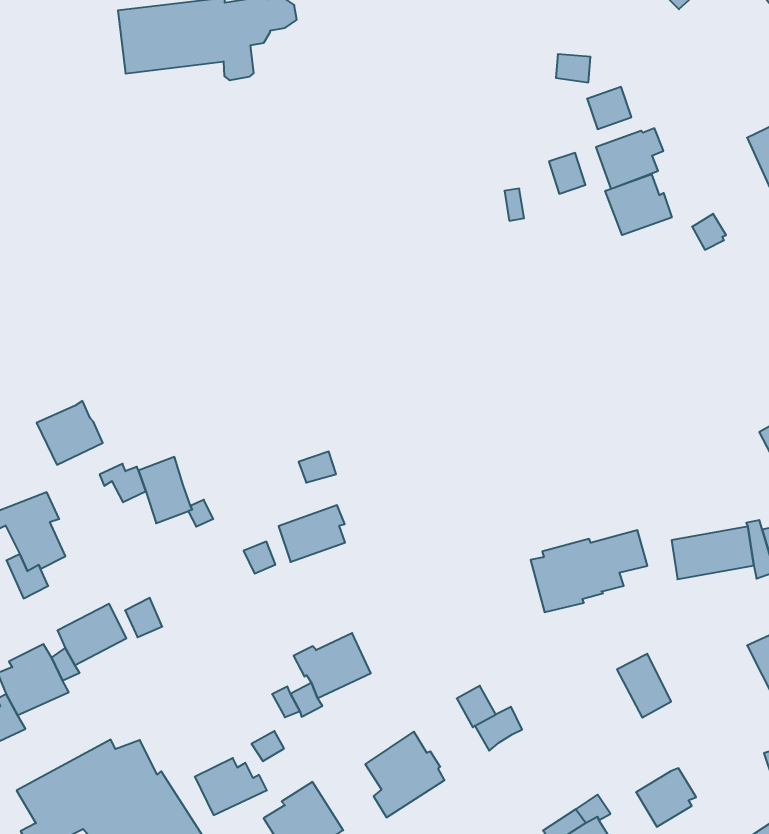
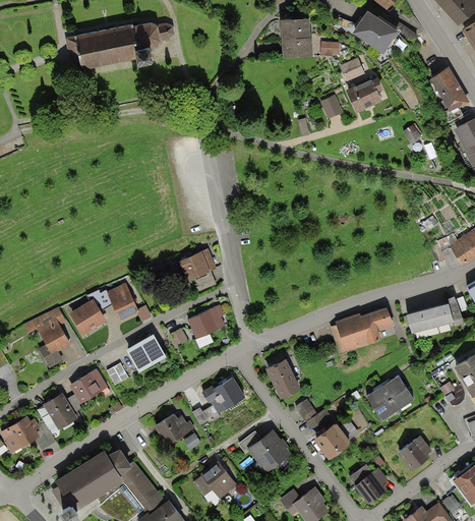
building: none -> [353,14,399,57]
building: none -> [281,22,313,61]
building: [605,174,672,235] -> none
building: [37,401,103,465] -> [69,301,107,338]
building: none -> [180,250,218,283]
building: none -> [126,336,166,373]
building: none -> [266,355,301,396]
building: none -> [366,383,399,418]
building: none -> [313,419,351,456]
building: [195,758,267,815] -> [155,411,195,444]

